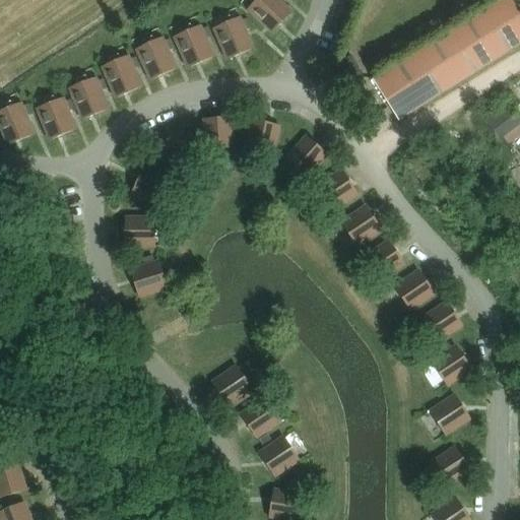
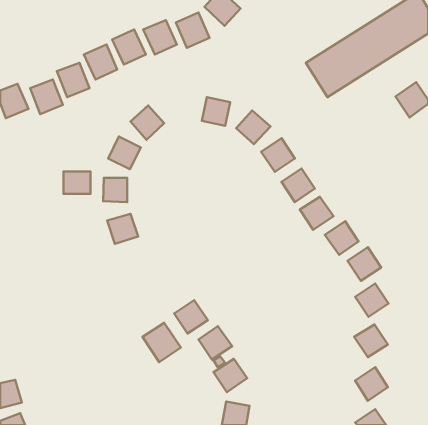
building: [203,116,234,146] -> none
building: none -> [64,171,91,194]
building: none -> [143,323,181,362]

